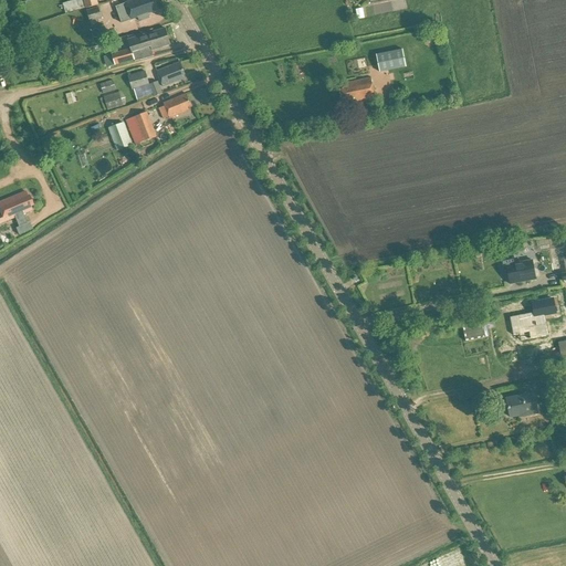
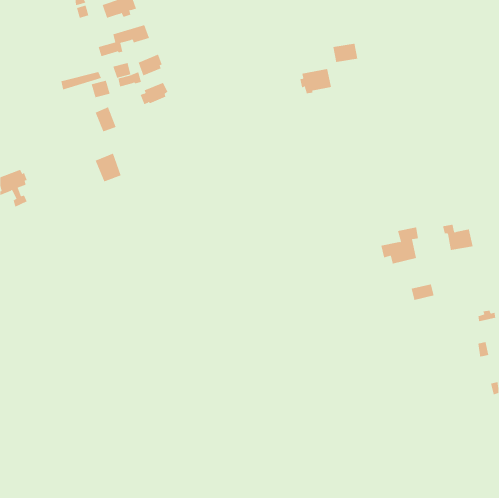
building: [125,111,155,144] -> [95,153,121,182]
building: [507,295,551,337] -> [381,227,419,264]
building: [505,391,537,417] -> none

